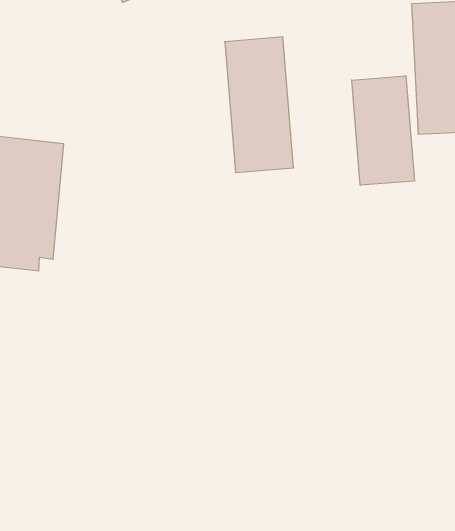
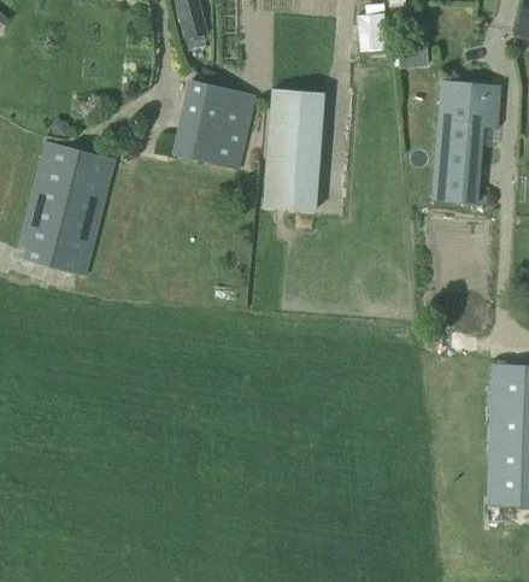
building: none -> [174,81,255,170]
building: [352,76,414,185] -> none

